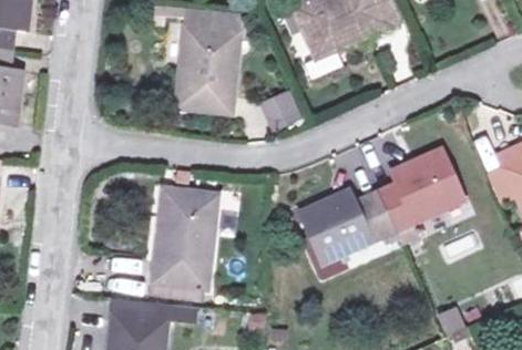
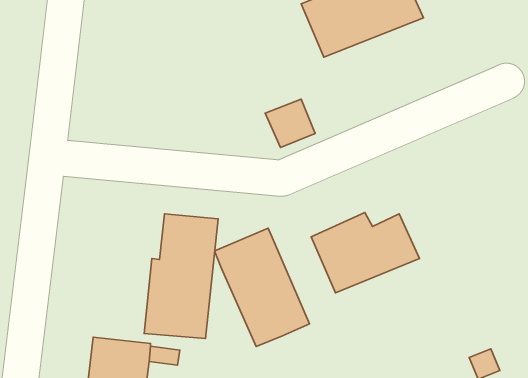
building: [174,14,237,111] -> none
building: [377,148,463,244] -> none
building: none -> [215,228,310,346]

